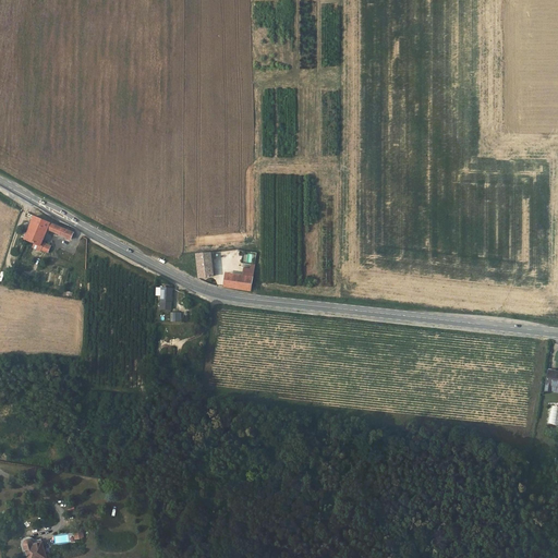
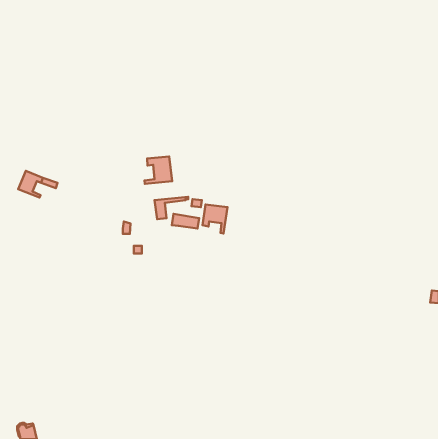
building: none -> [145,156,172,184]
building: none -> [202,204,227,233]

